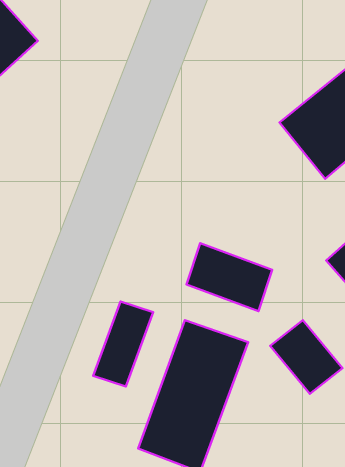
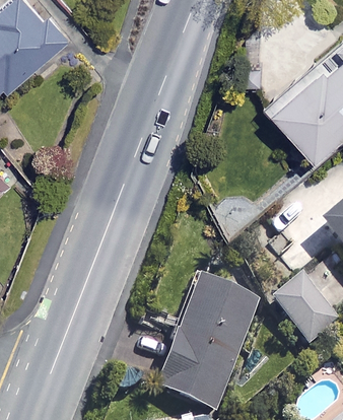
building: [186,243,272,311] -> none
building: [93,301,153,387] -> none

